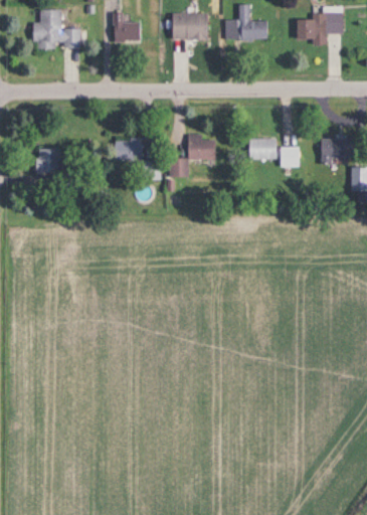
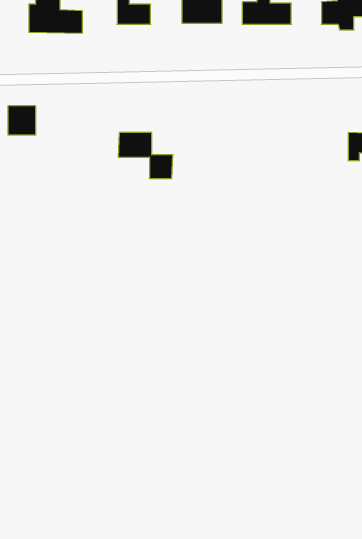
building: [170,134,214,176] -> none
building: [248,138,301,166] -> none
building: [36,147,61,173] -> [8,106,36,135]

